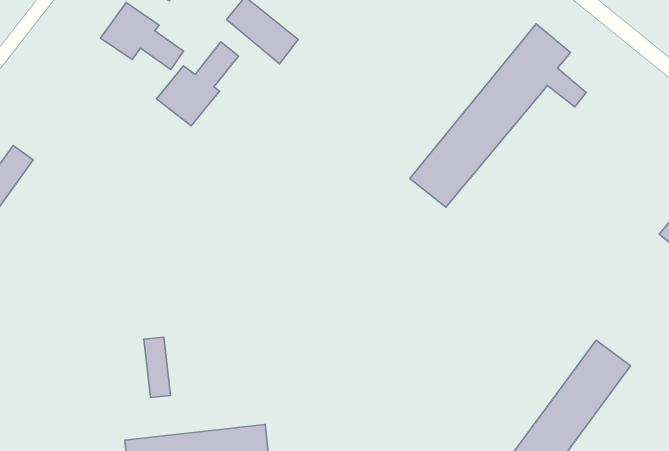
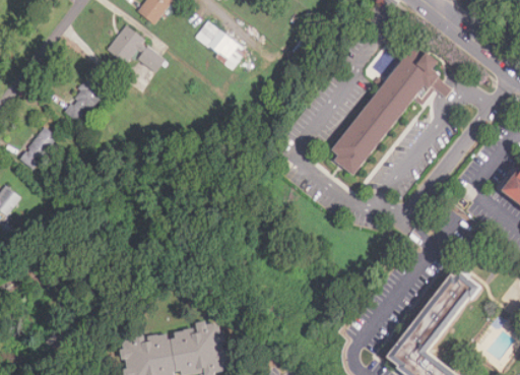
building: [156,42,239,126] -> none
building: none -> [63,76,106,125]
building: [144,337,171,398] -> none

